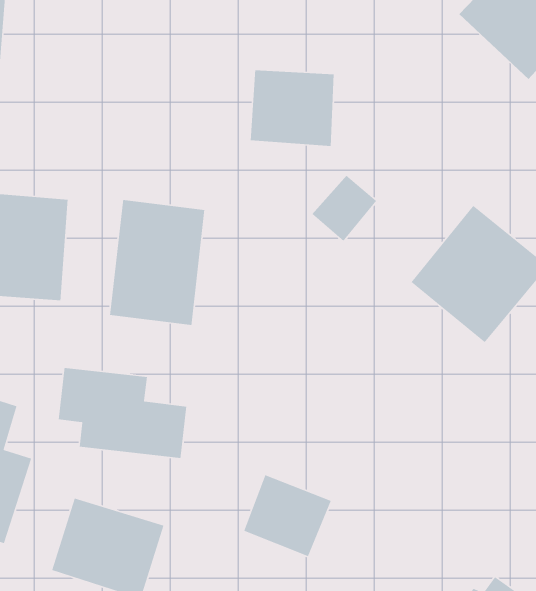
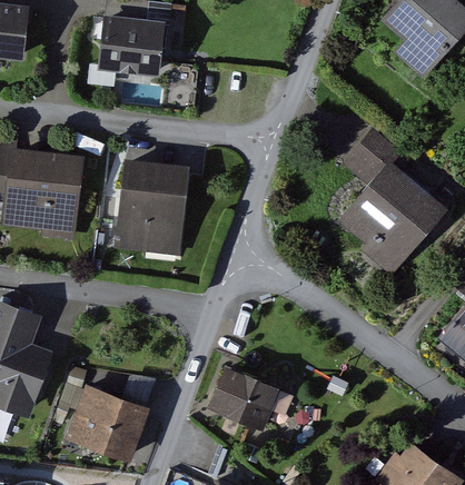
building: [250,70,334,147] -> [103,16,168,75]
building: [312,175,377,242] -> [342,132,392,184]
building: [58,367,187,459] -> none

